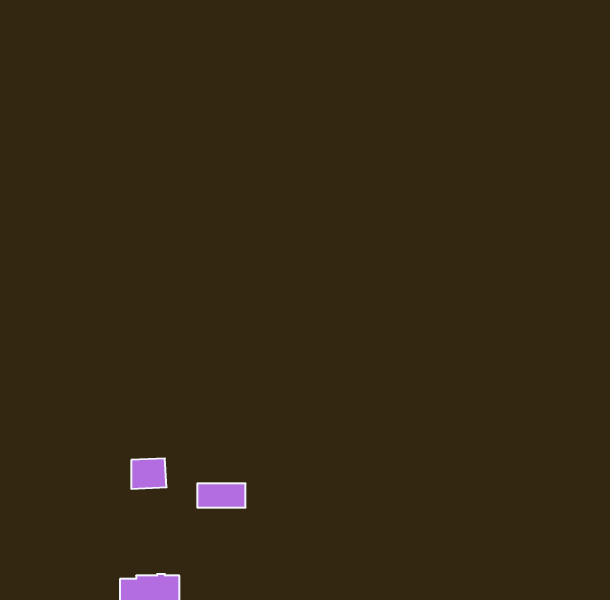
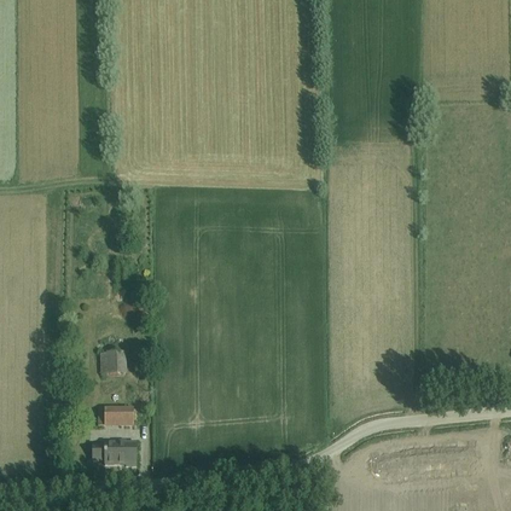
building: [197,483,246,508] -> [98,406,134,424]

